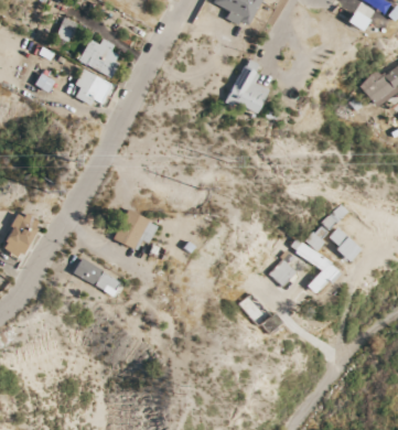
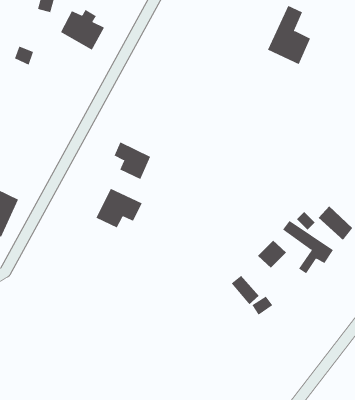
building: [226,58,268,116] -> [267,5,311,65]
building: [75,69,110,105] -> none
building: none -> [114,142,151,180]
building: [73,260,120,293] -> none

